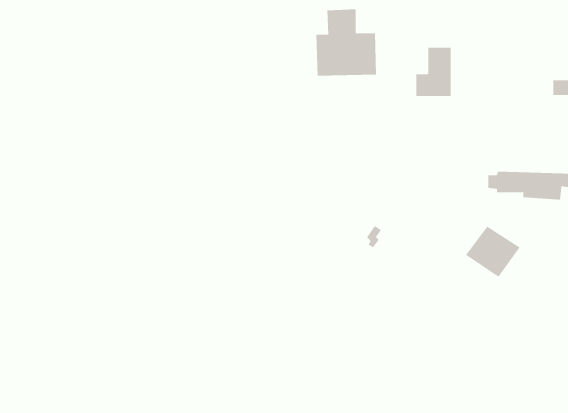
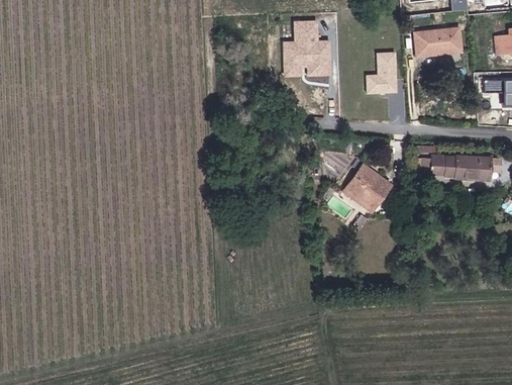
building: none -> [418,28,463,57]
building: [465,226,520,278] -> [347,169,394,212]

